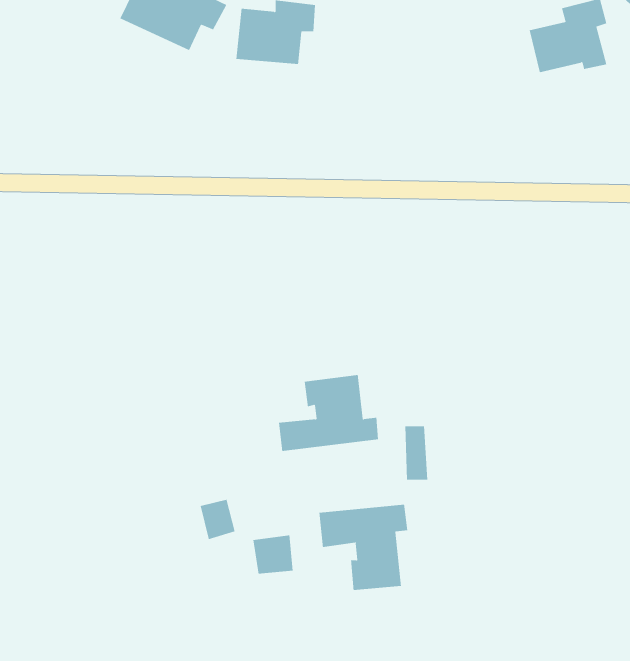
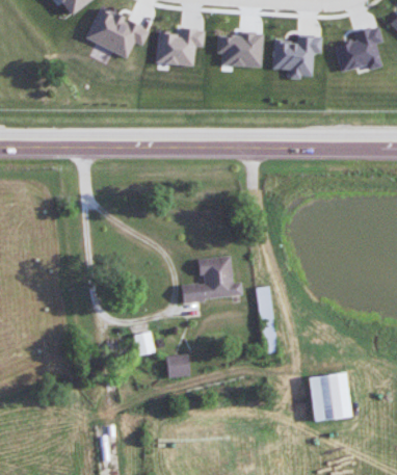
building: none -> [216,33,263,67]
building: none -> [272,34,321,78]
building: [319,504,408,591] -> none
building: none -> [309,373,350,421]

